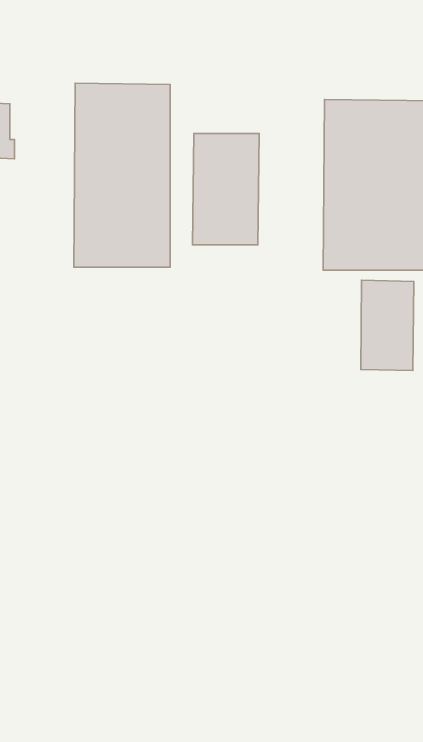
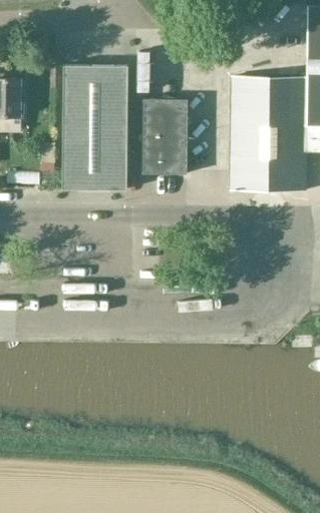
building: [361,280,414,371] -> none

